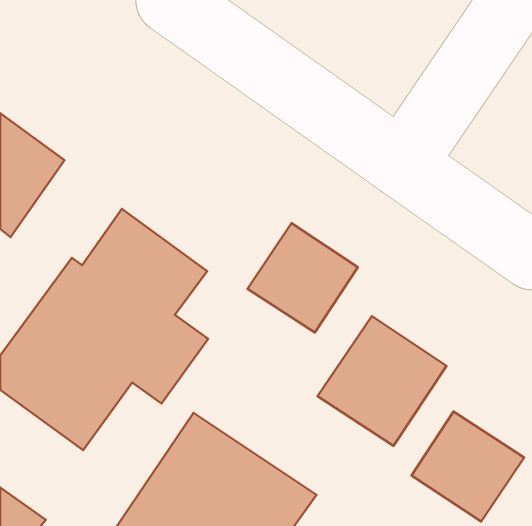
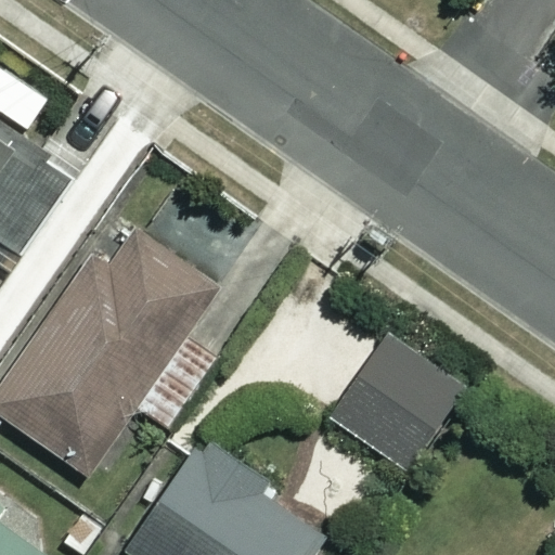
building: [248,223,358,332] -> none
building: [412,412,524,521] -> none

